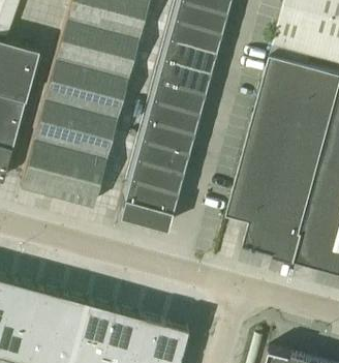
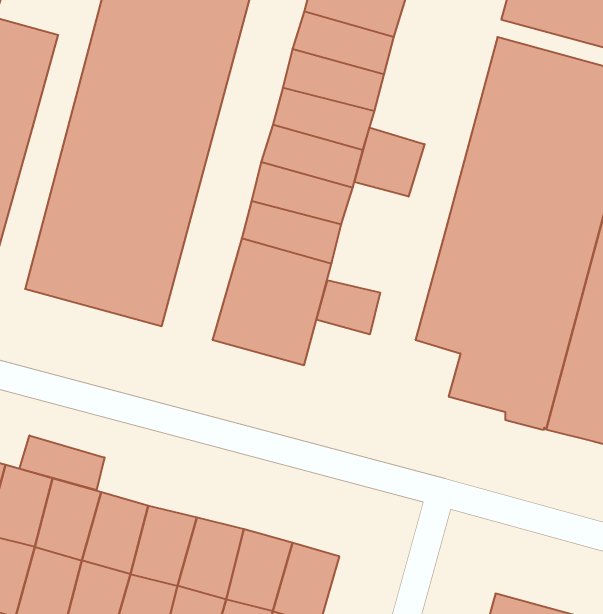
building: none -> [354,127,425,197]
building: none -> [316,280,380,334]
building: none -> [19,435,105,490]

